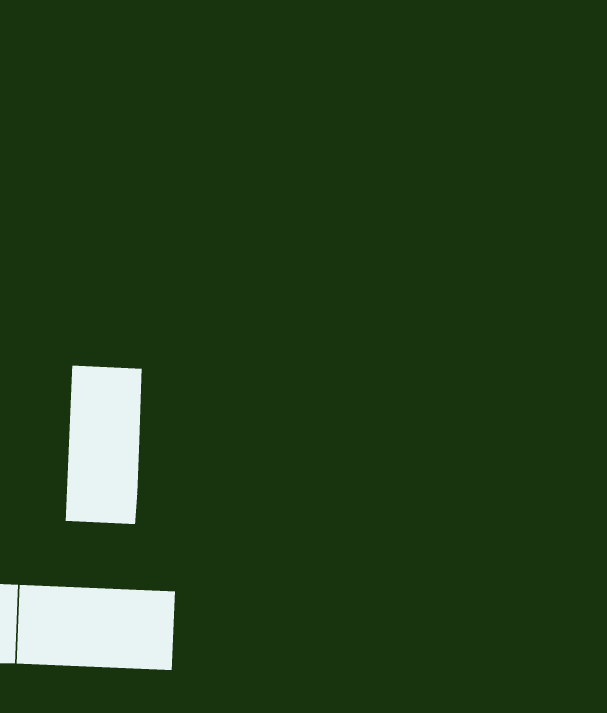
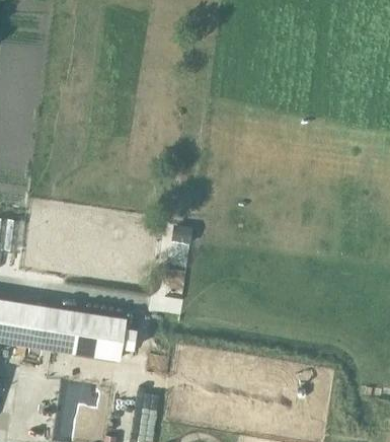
building: [65,365,142,525] -> none

